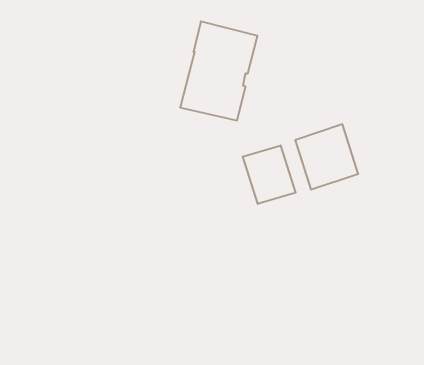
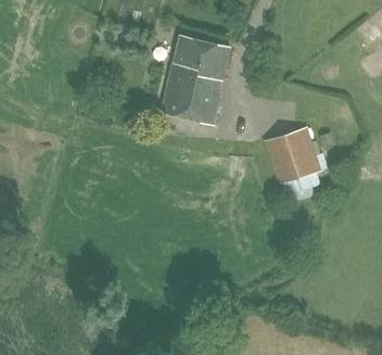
building: [243,145,296,204] -> none

